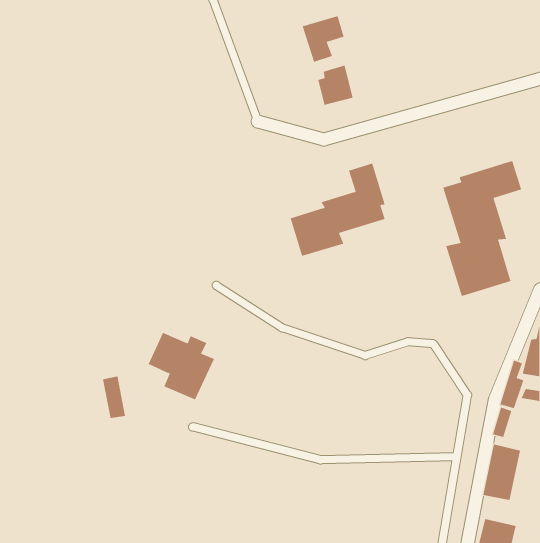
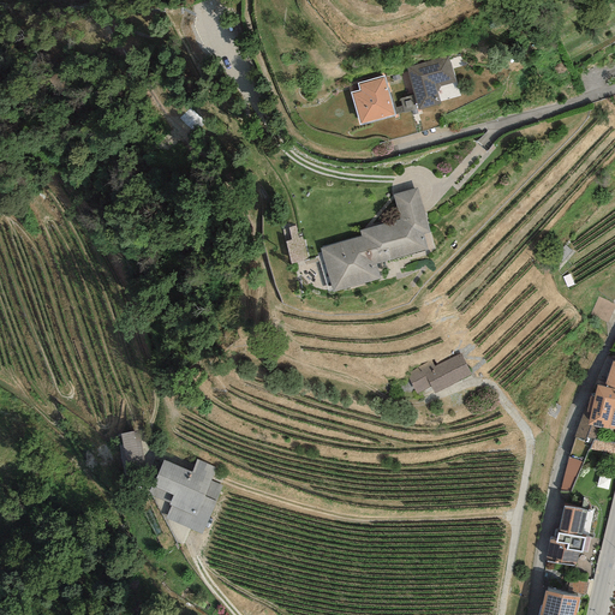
building: [302,16,344,62] -> [410,54,458,107]
building: [443,160,522,297] -> none
building: none -> [406,353,471,394]
building: [148,332,215,400] -> [143,455,219,532]

